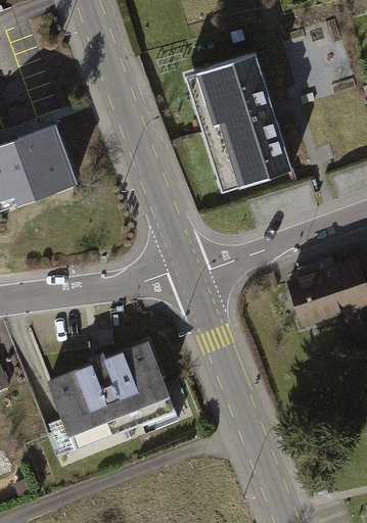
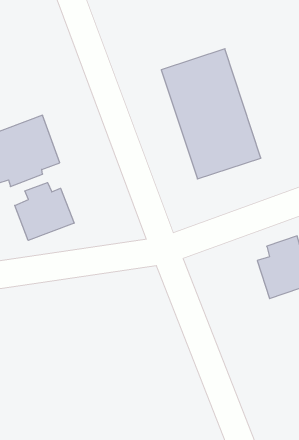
building: none -> [15,183,74,240]
building: [54,344,170,432] -> none

